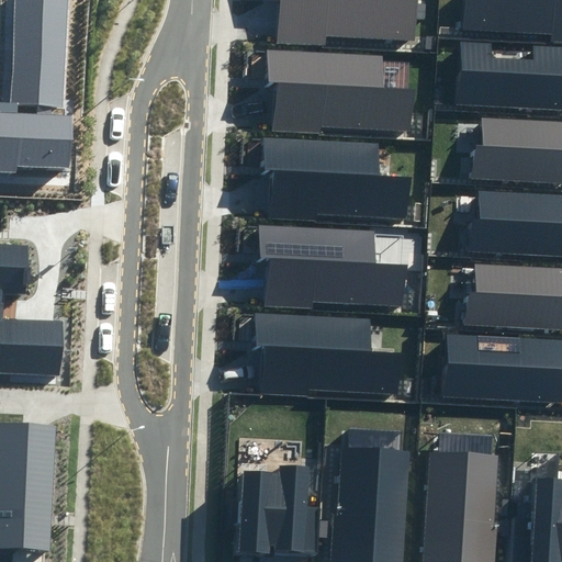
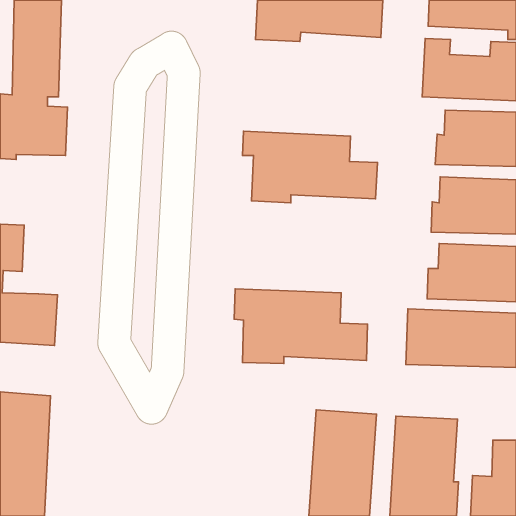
building: [267,49,414,134] -> none
building: [260,226,405,310] -> none
building: [235,461,321,557] -> none

